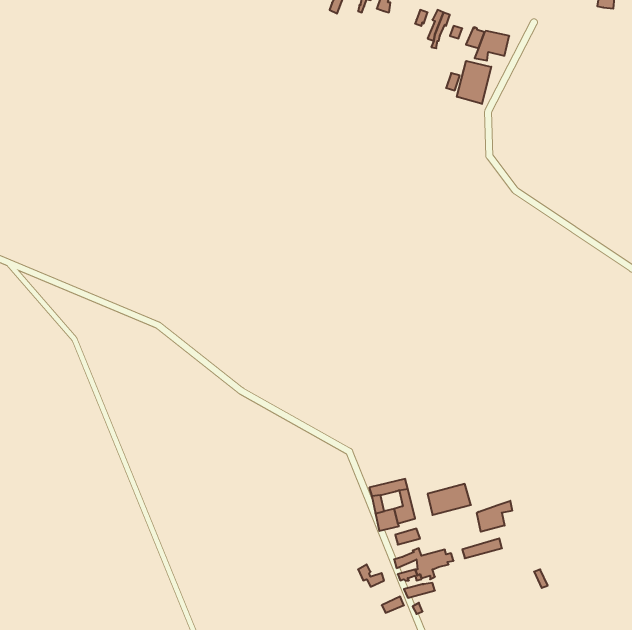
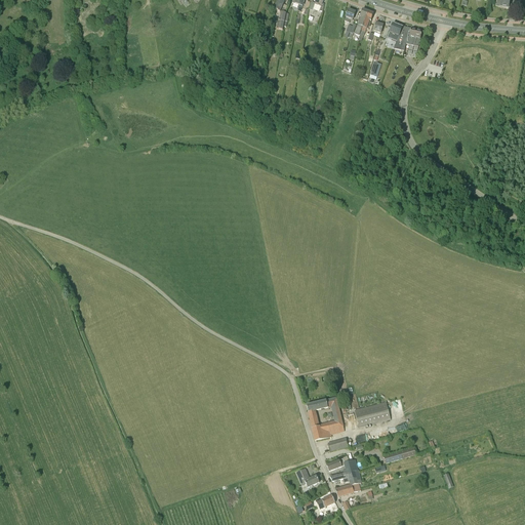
building: [457,61,491,104] -> none
building: [477,501,512,532] -> none

